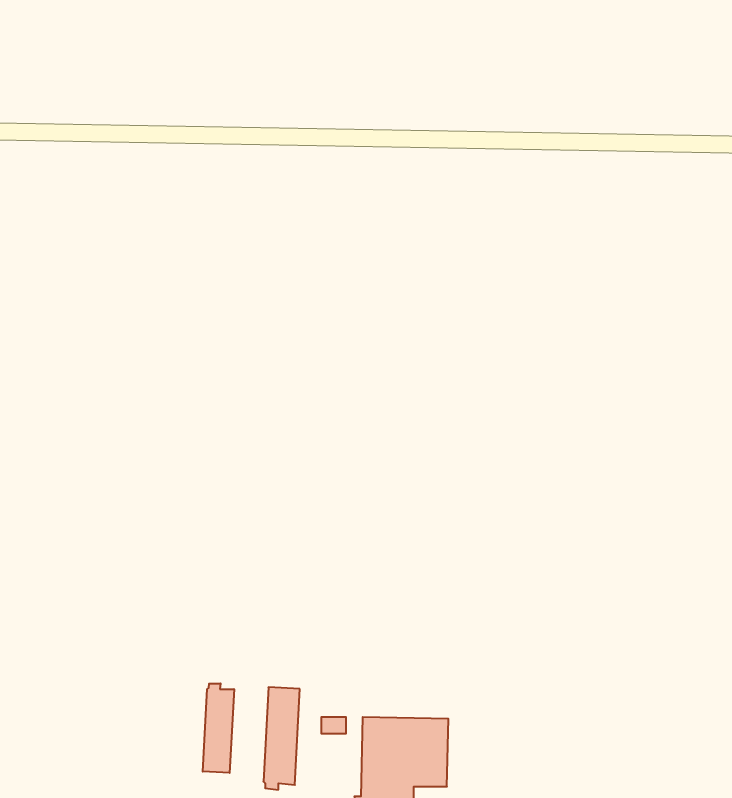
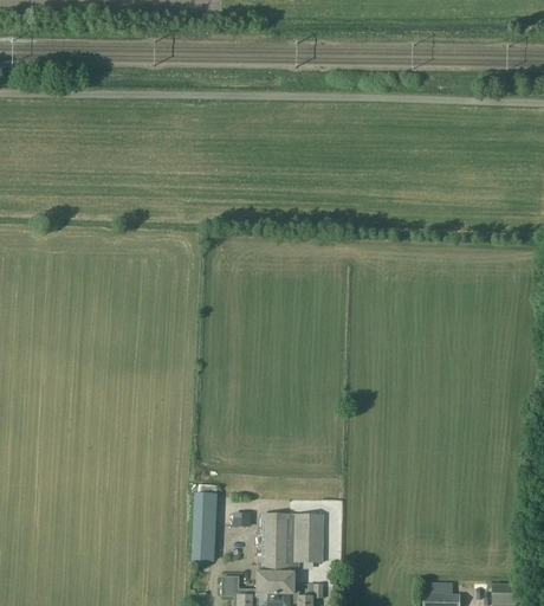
building: [203,683,234,773] -> none

